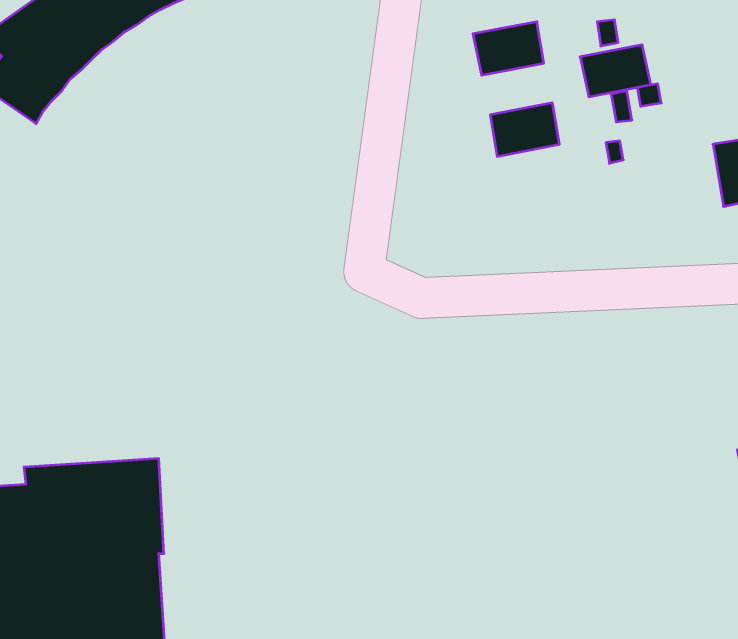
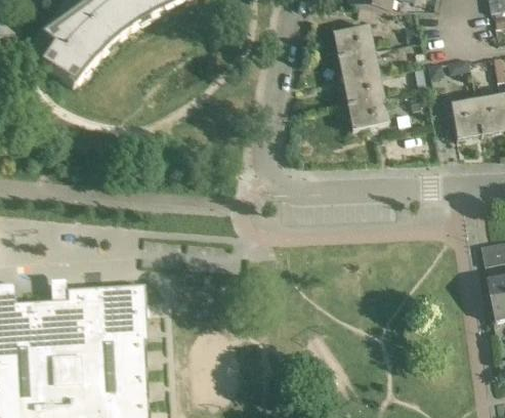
building: [580,45,651,97] -> [336,48,378,79]
building: none -> [345,96,387,128]
building: none -> [449,96,479,137]

